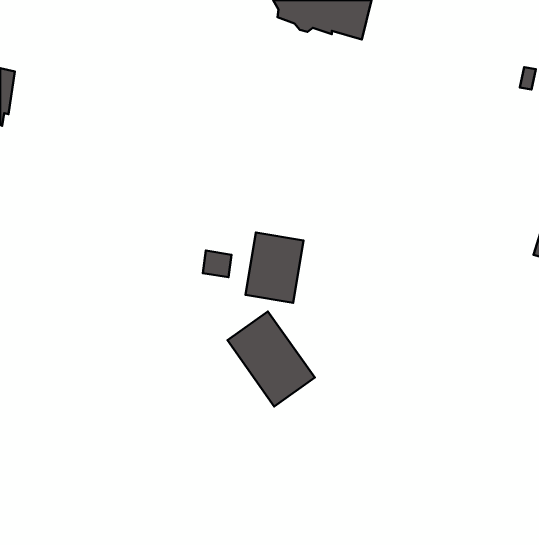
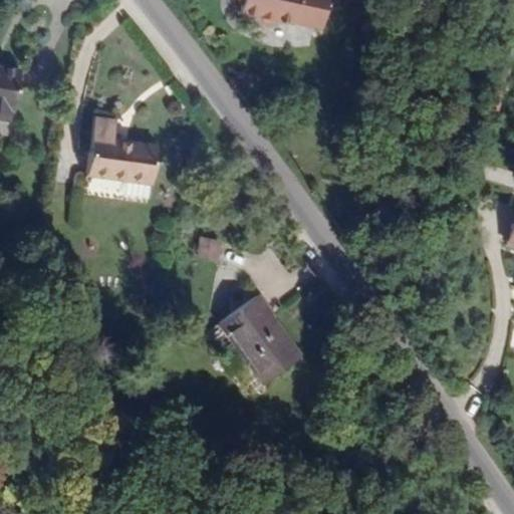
building: none -> [85,115,157,196]
building: [246,233,304,303] -> none

